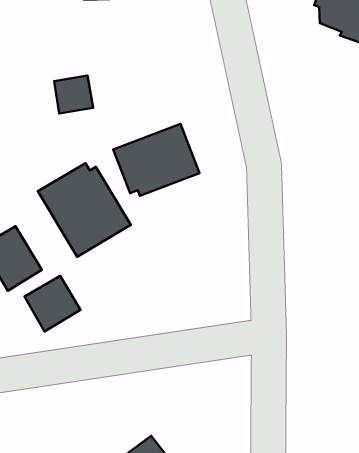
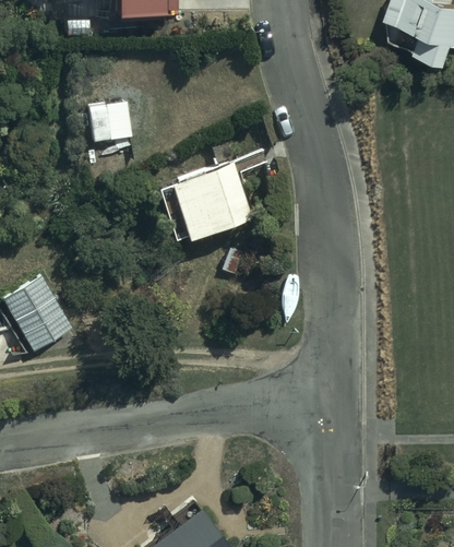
building: [38,163,131,257] -> none
building: [24,276,81,331] -> none

